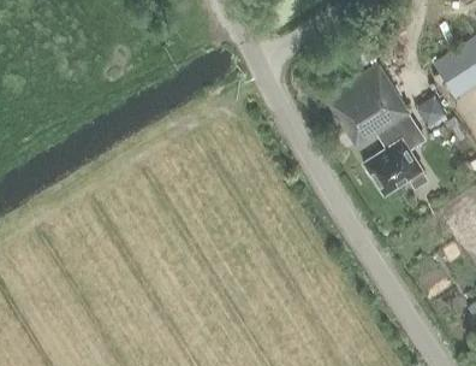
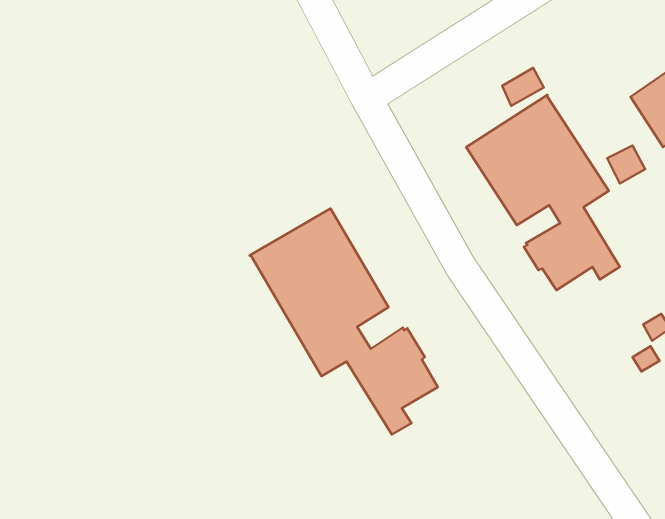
building: none -> [250,209,438,435]

